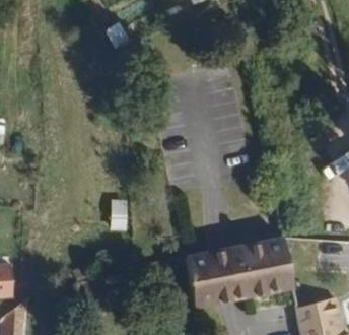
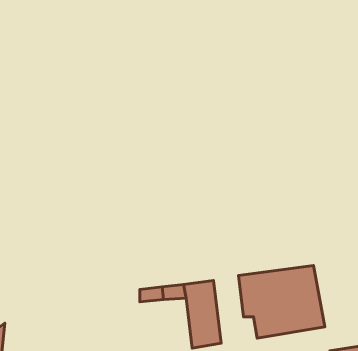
building: [203,251,238,306] -> none

